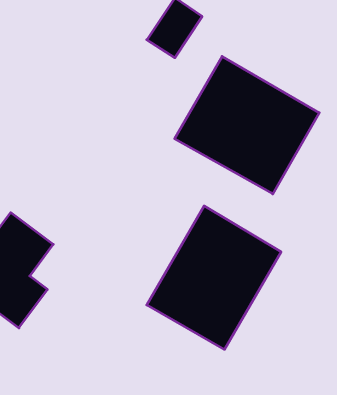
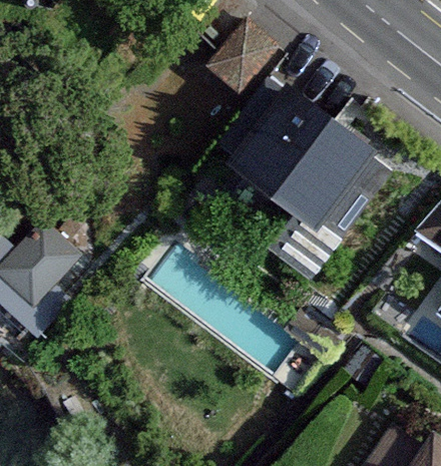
building: [147,206,281,349] -> none

